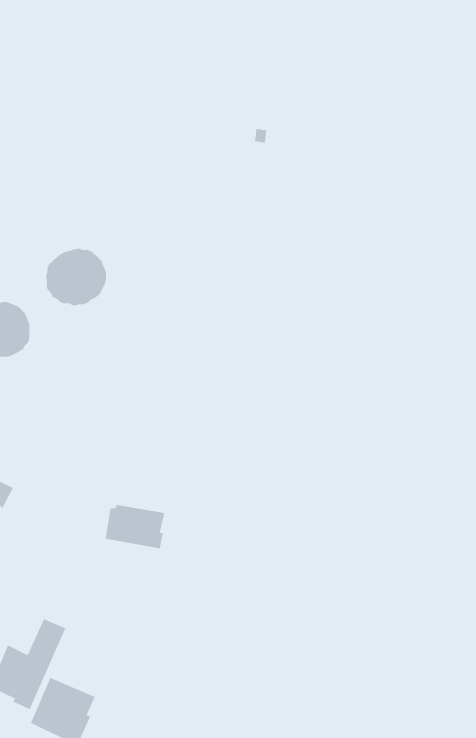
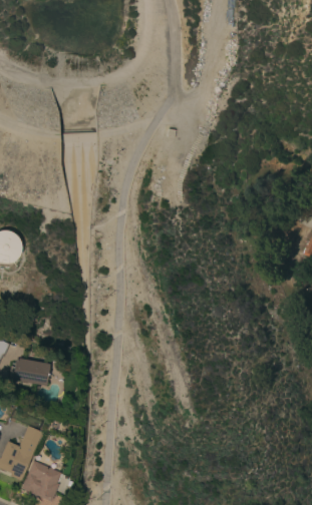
building: [45,248,107,306] -> none
building: [105,505,165,549] -> [12,358,49,385]

